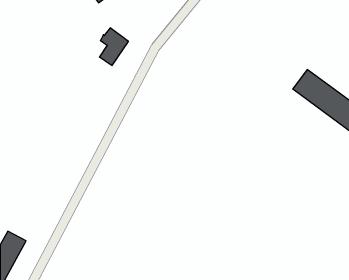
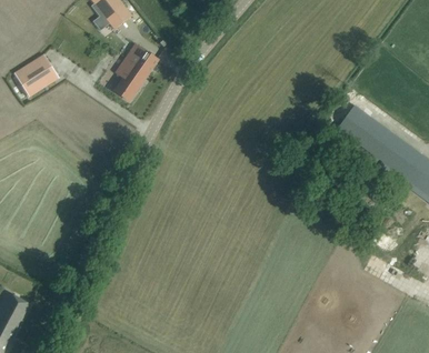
building: none -> [127,44,158,73]
building: none -> [13,54,59,97]

